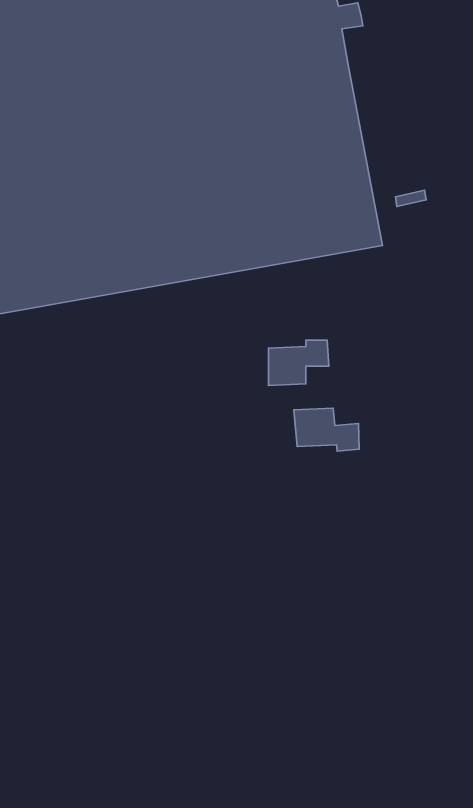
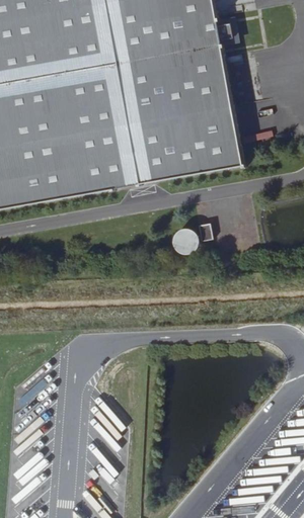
building: [294,408,359,451] -> none

